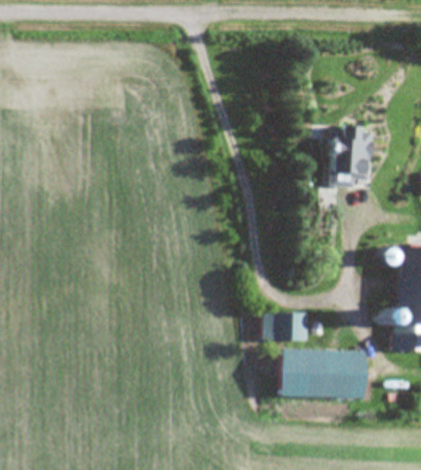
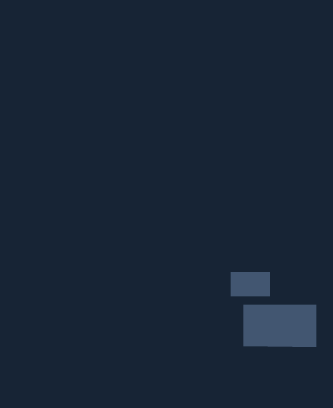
building: [332,126,370,185] -> none

